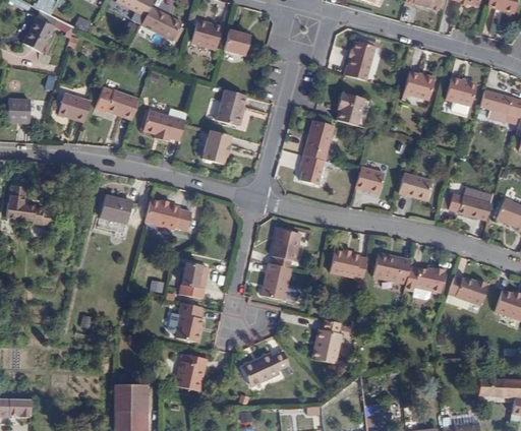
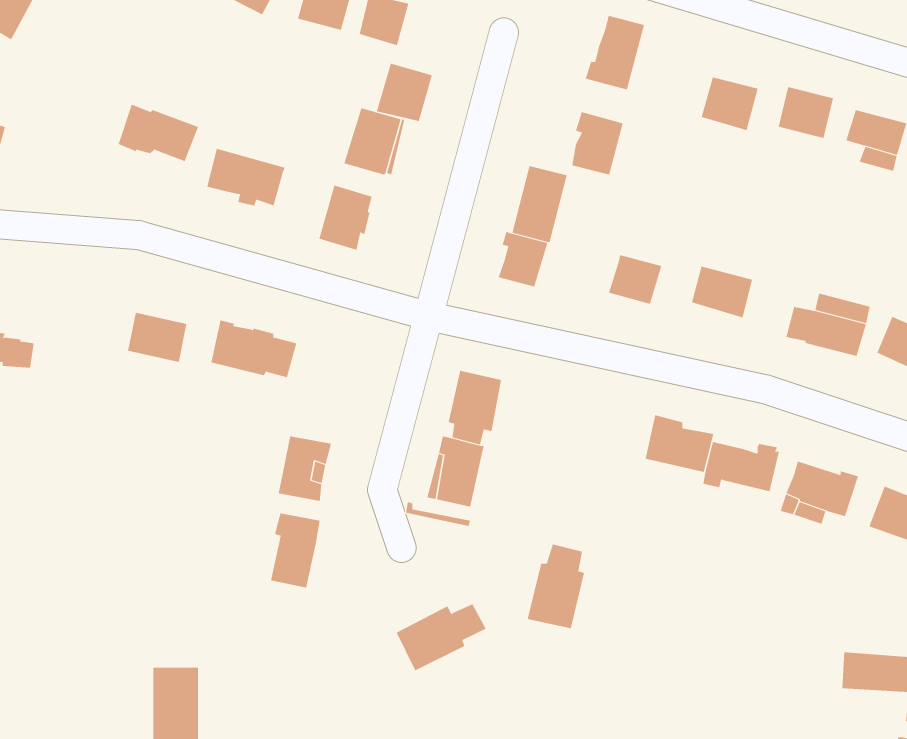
building: none -> [376,63,432,122]
building: [57,94,91,121] -> none
building: [329,252,366,284] -> none
building: [176,355,206,391] -> none

